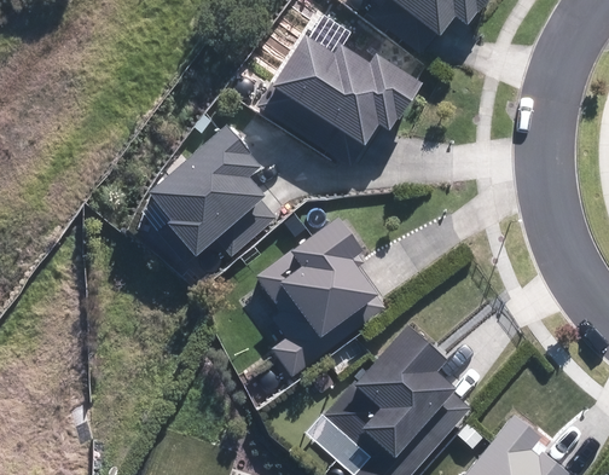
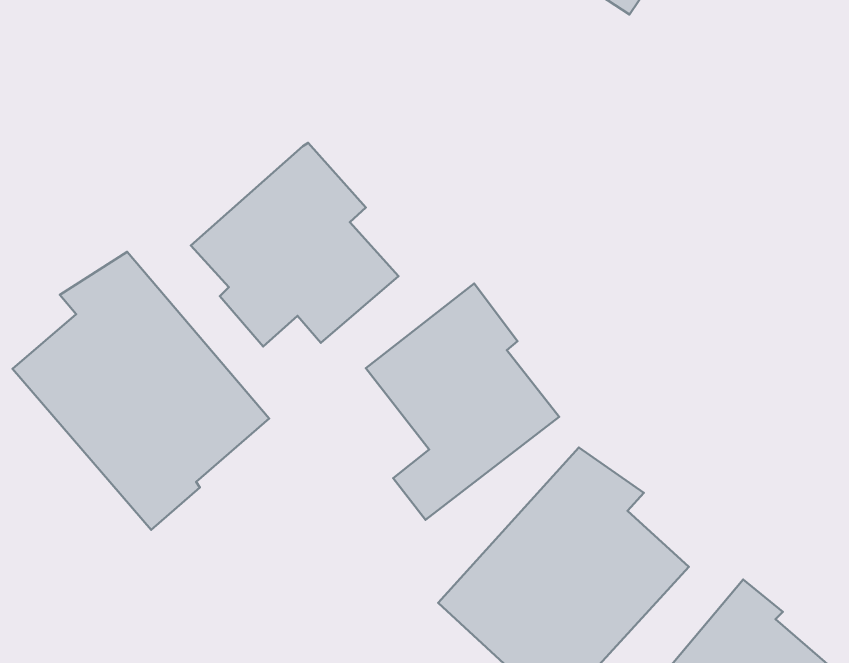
building: [267,36,419,147] -> none
building: none -> [13,252,269,530]

